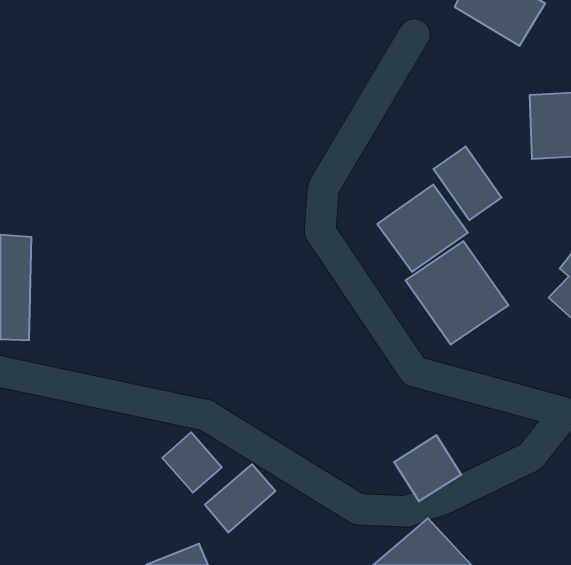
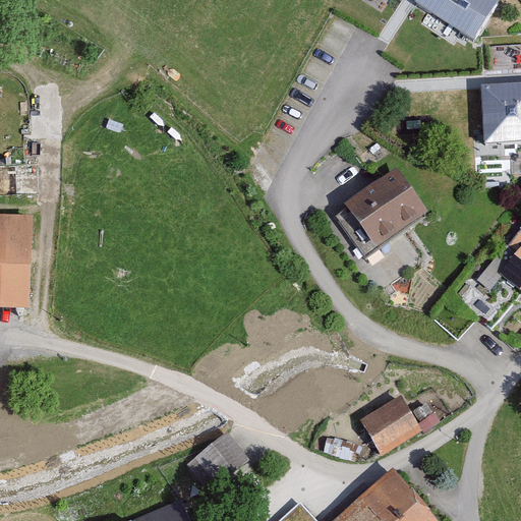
building: [433,146,502,220] -> none
building: [406,241,508,345] -> none
building: [162,432,222,493] -> none

